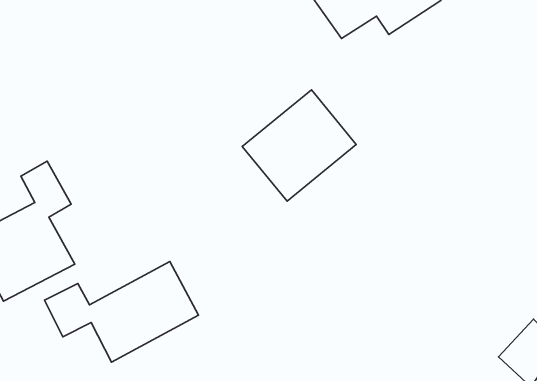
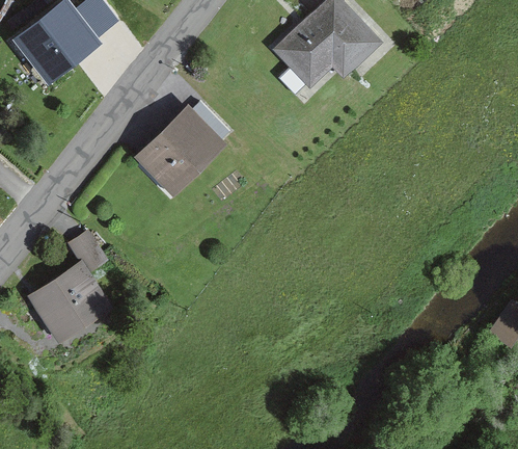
building: [242,90,356,201] -> [136,104,229,199]
building: [45,261,198,362] -> none

